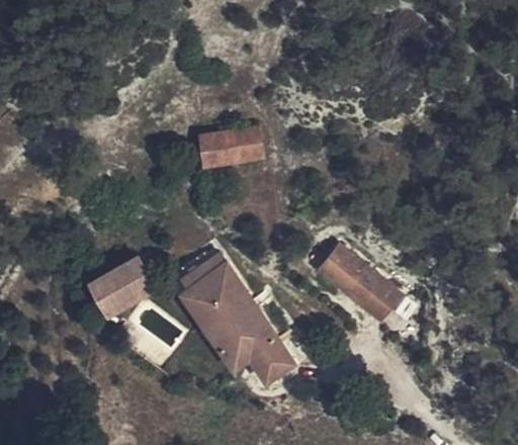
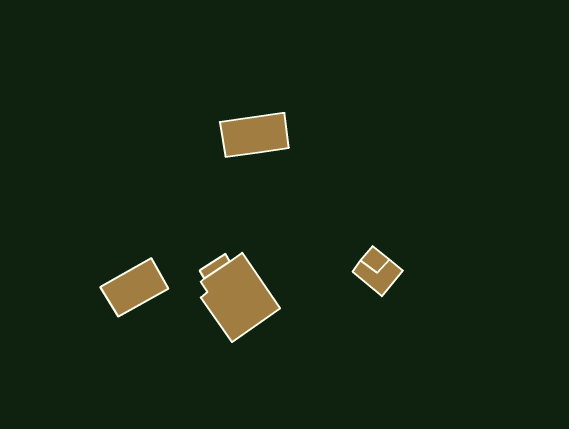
building: [346,270,400,322] -> none
building: [210,304,293,381] -> none

